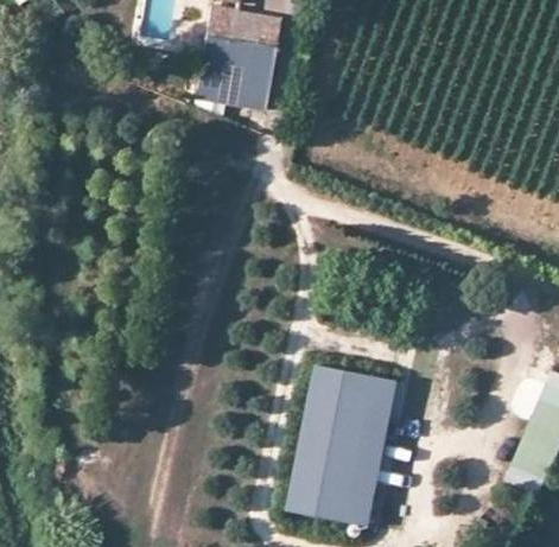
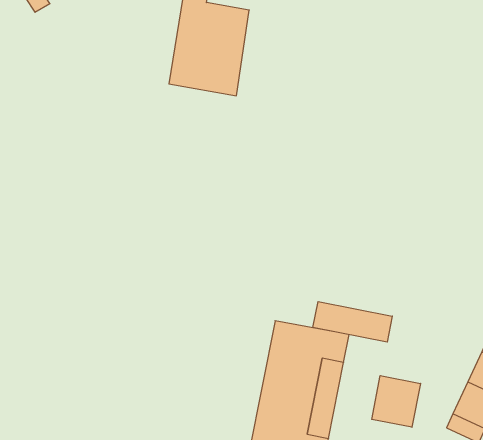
building: none -> [313,302,392,342]
building: none -> [372,376,421,427]

